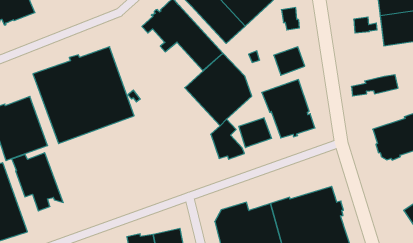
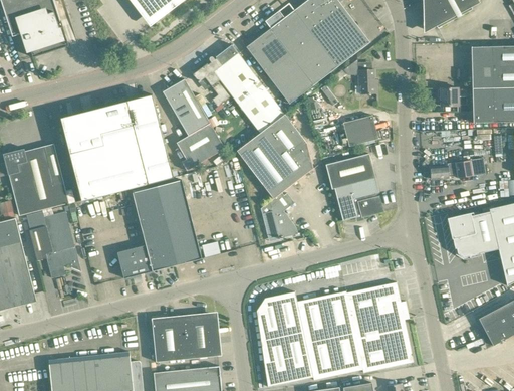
building: none -> [163,79,225,171]
building: none -> [117,180,202,278]
building: [239,118,272,148] -> none

